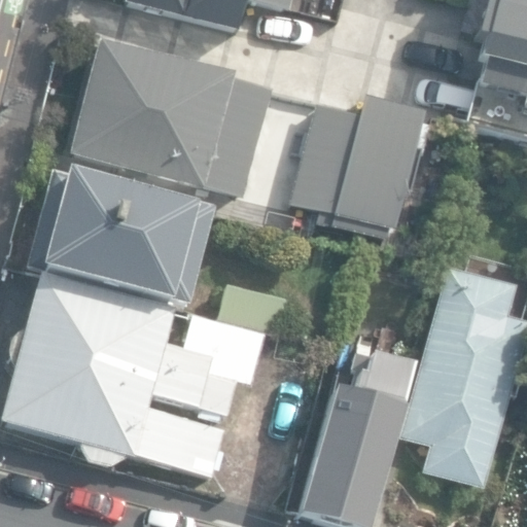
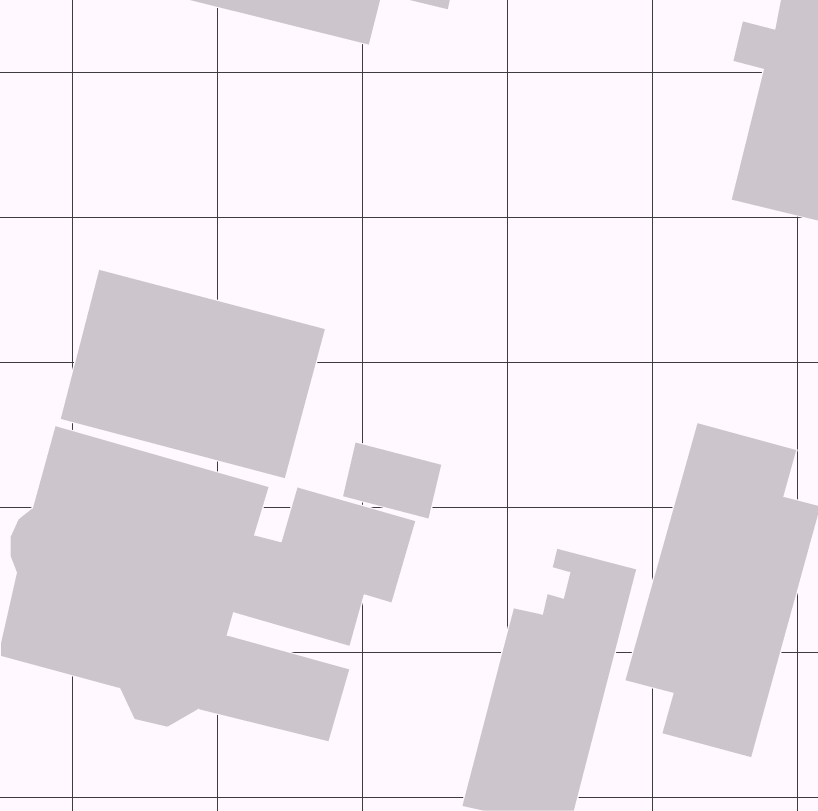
building: [71,39,266,189] -> none
building: [285,96,419,245] -> none

